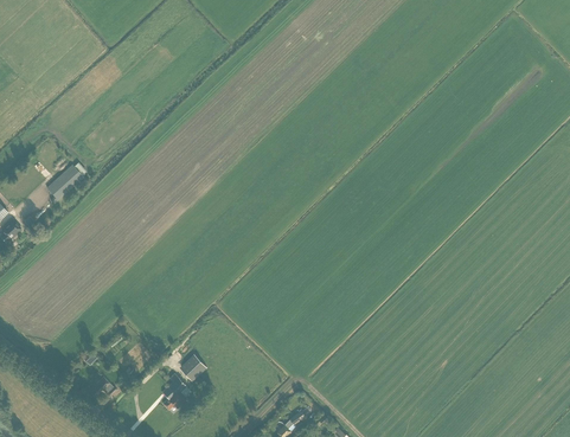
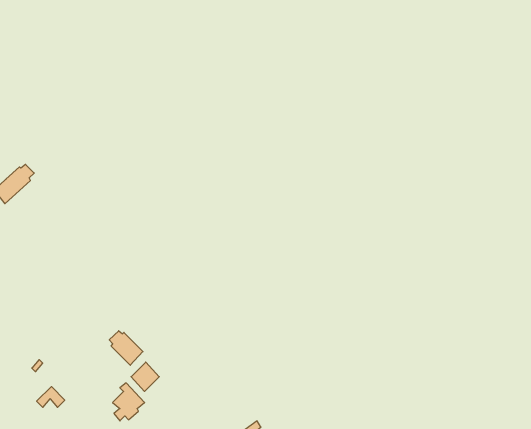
building: none -> [109,331,143,365]

